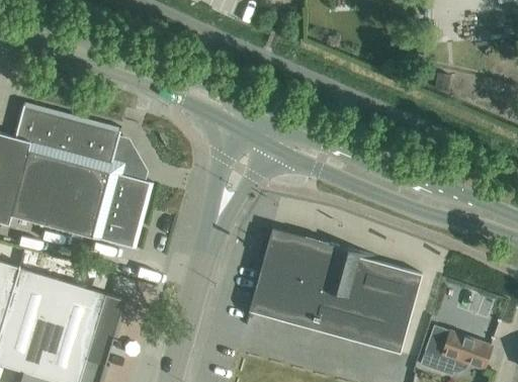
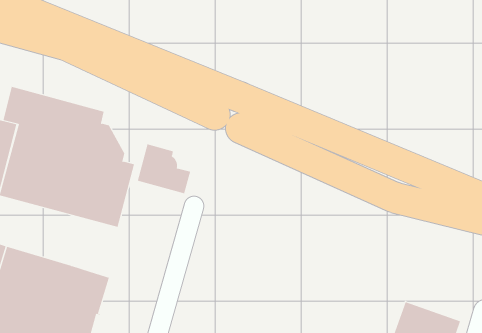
building: none -> [137,144,191,194]
building: [249,227,421,353] -> none

